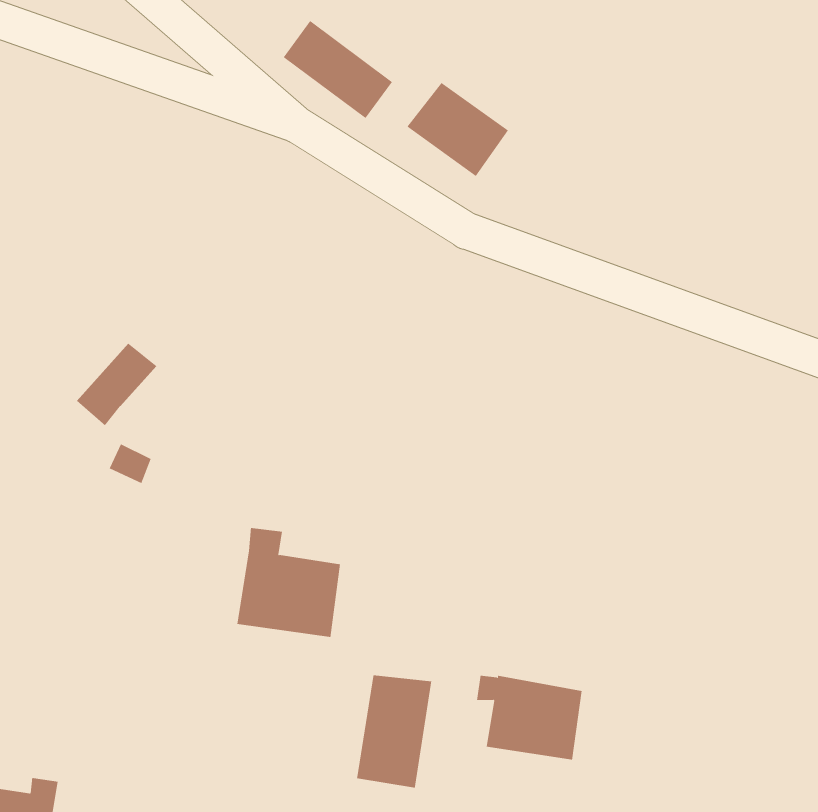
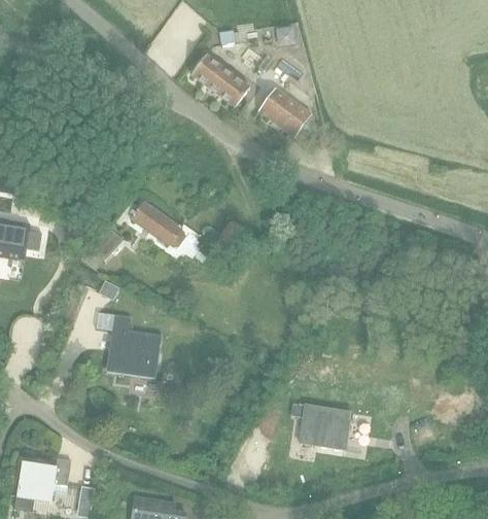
building: none -> [131,201,184,245]
building: [237,528,341,638] -> [106,314,162,373]
building: [357,675,432,789] -> none

